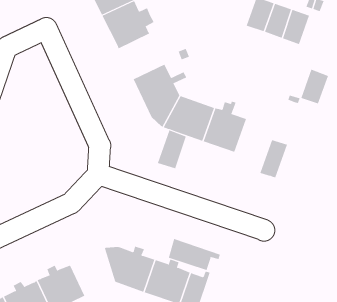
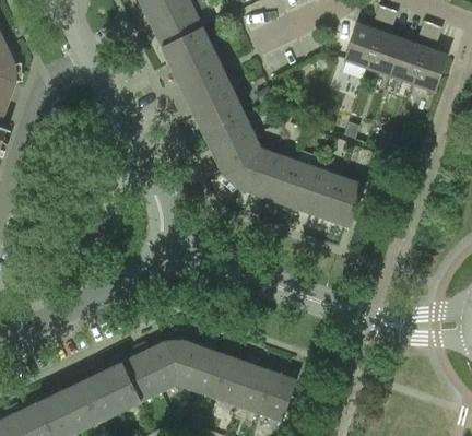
building: none -> [181,70,246,128]
building: [300,69,329,104] -> [411,47,447,92]
building: [157,130,187,169] -> none
building: [259,139,288,178] -> [329,178,365,227]
building: [168,238,221,271] -> none
building: none -> [121,342,177,402]

